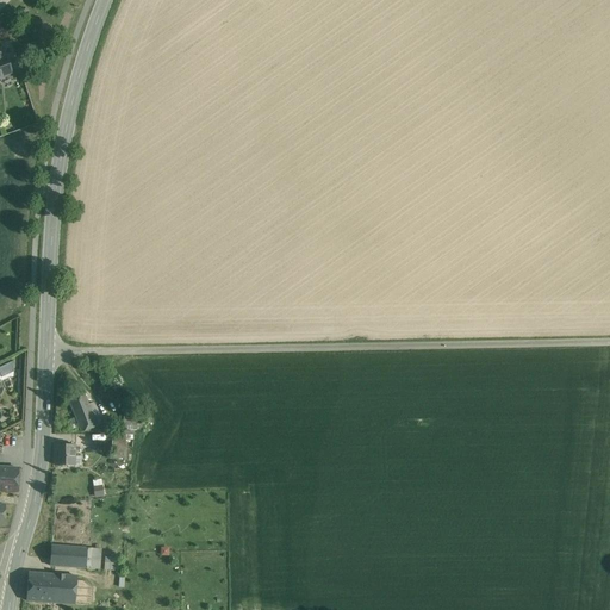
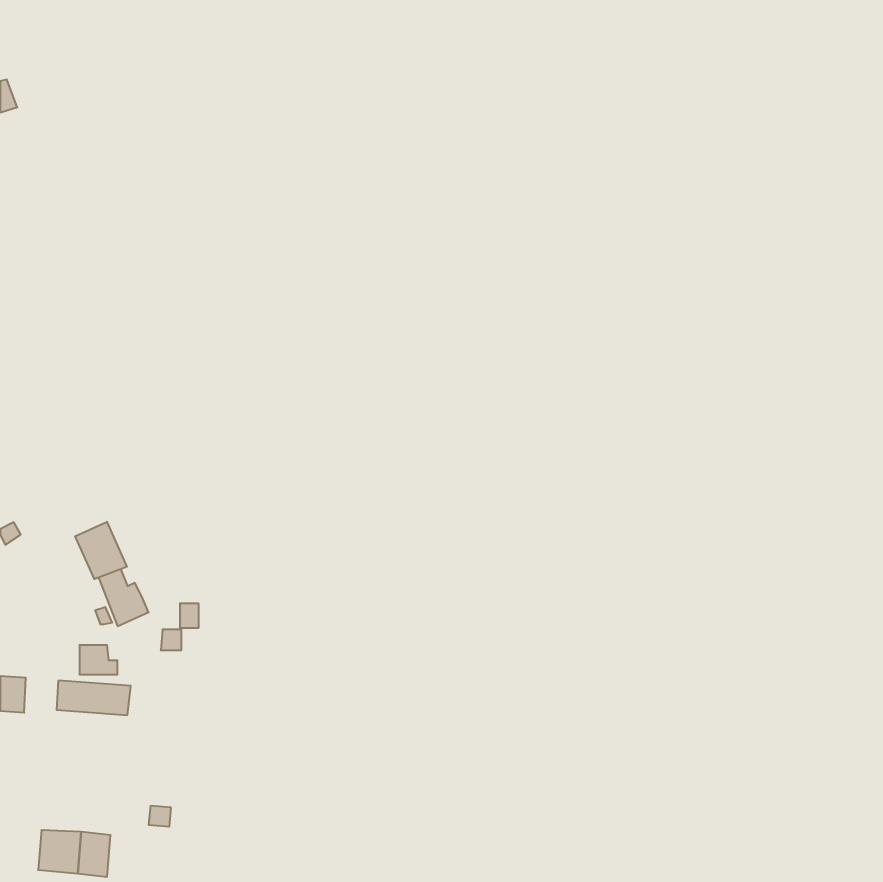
building: none -> [75,522,127,579]
building: [50,544,101,568] -> [57,681,131,715]

